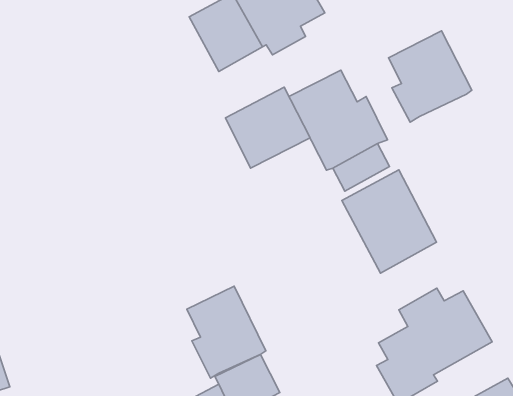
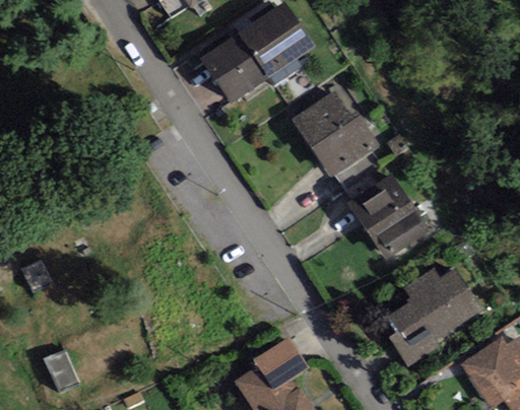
building: [388,31,472,122] -> none
building: [226,87,310,168] -> none
building: [187,286,266,378] -> none

